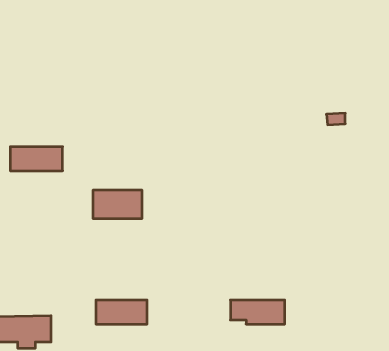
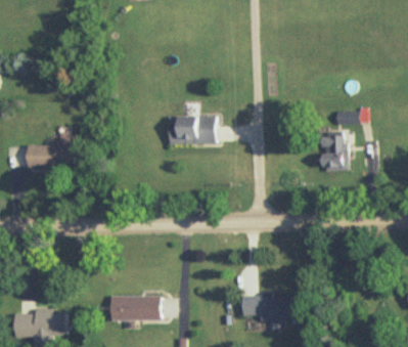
building: none -> [323,134,345,171]
building: [93,190,142,218] -> [166,116,214,143]

